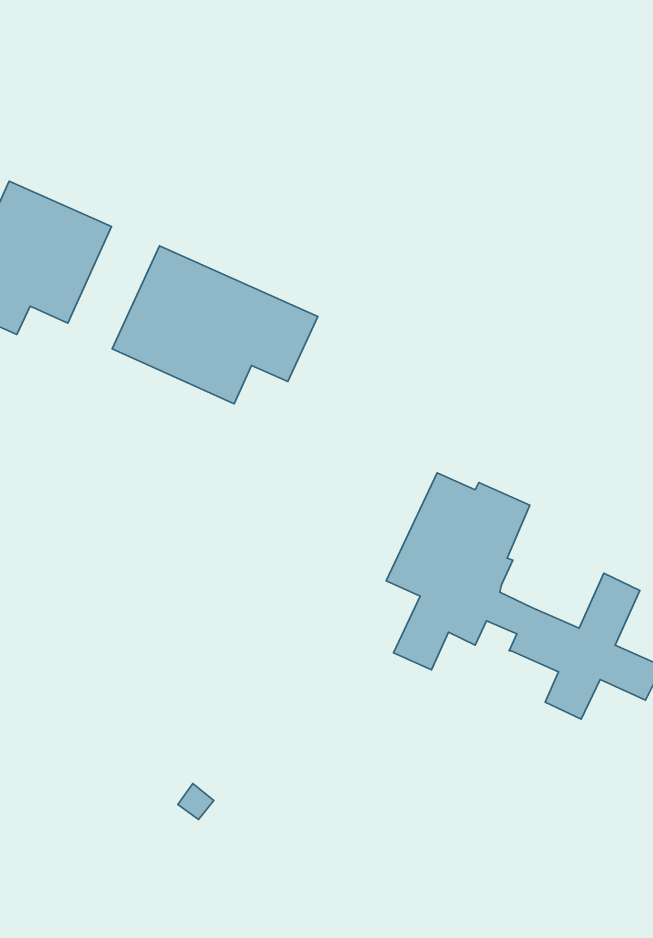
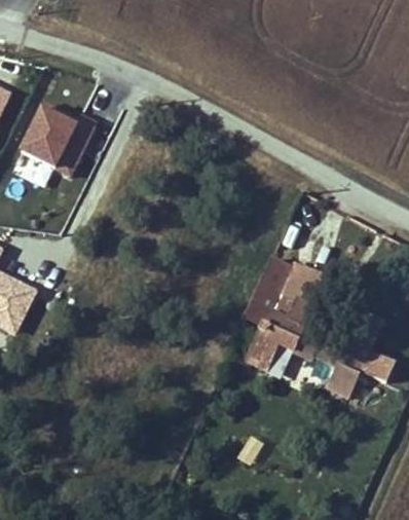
building: [112,246,318,404] -> none

